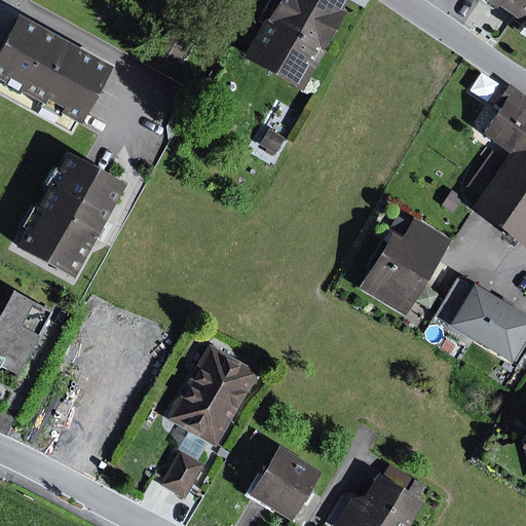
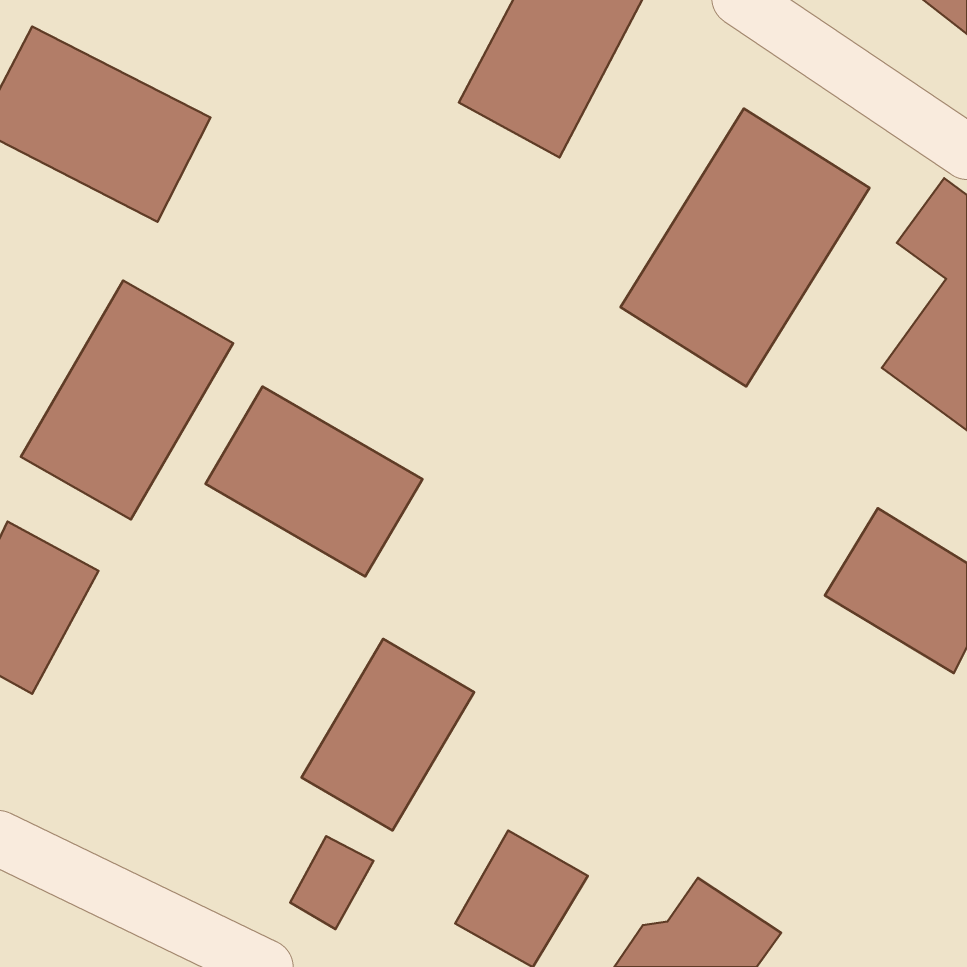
building: none -> [621,108,870,387]
building: none -> [205,386,422,577]
building: [365,216,456,310] -> none

